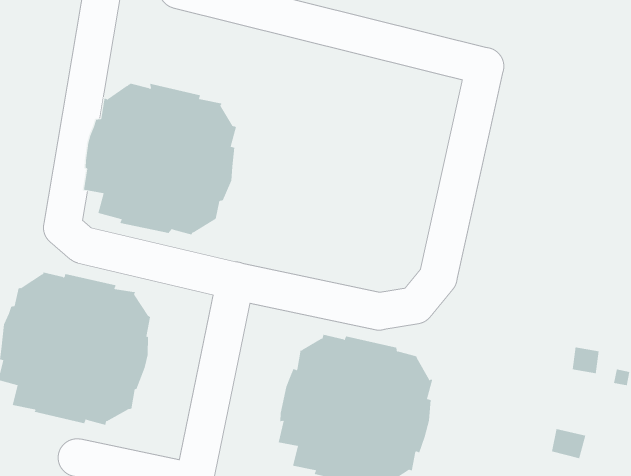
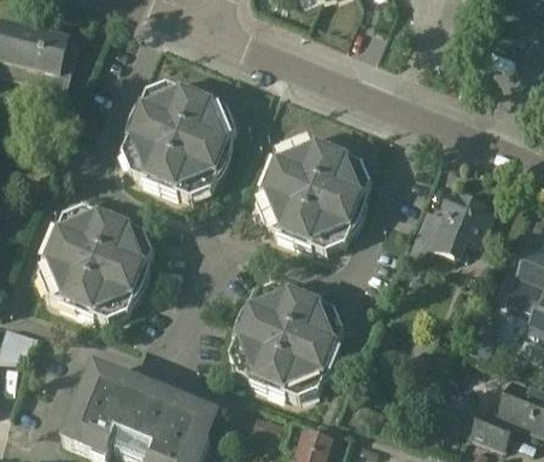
building: none -> [256,135,370,251]
building: none -> [410,192,496,261]

